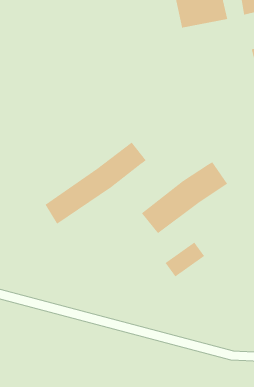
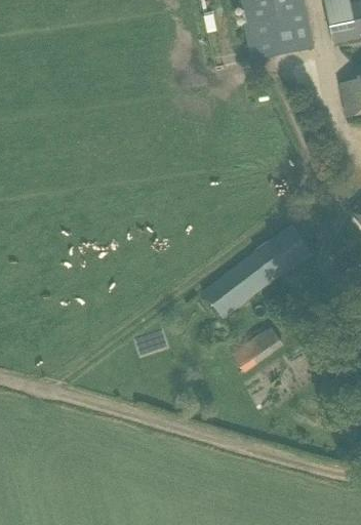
building: [45,142,147,225] -> none

